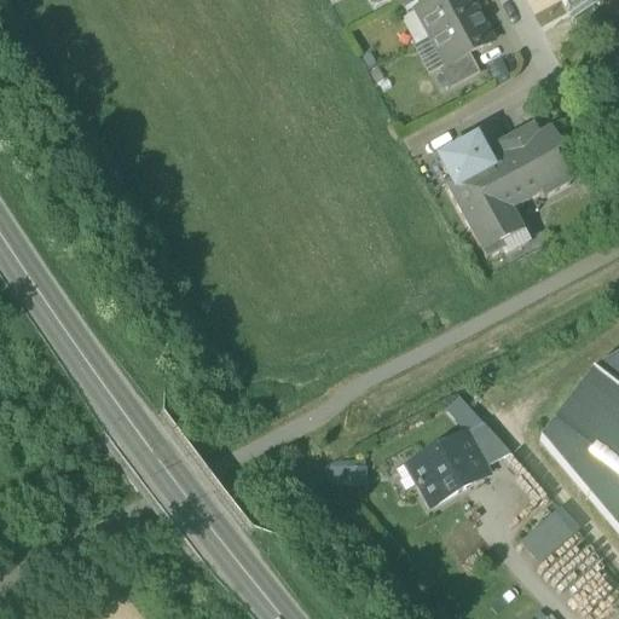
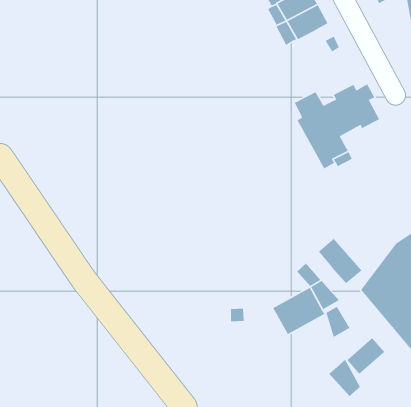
building: [440,48,481,83] -> none
building: none -> [318,238,362,284]
building: none -> [326,306,350,338]
building: none -> [329,359,361,397]

